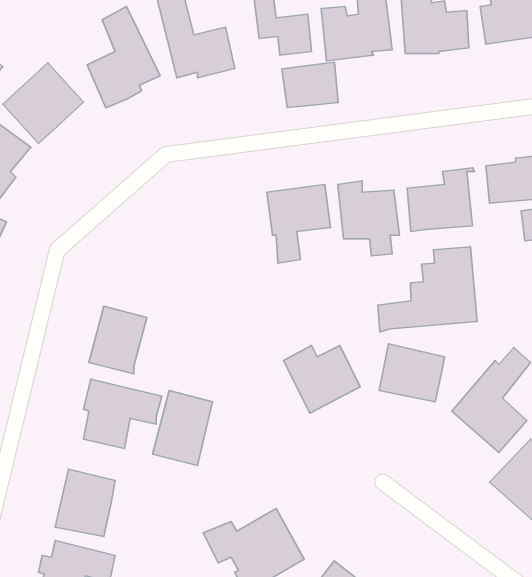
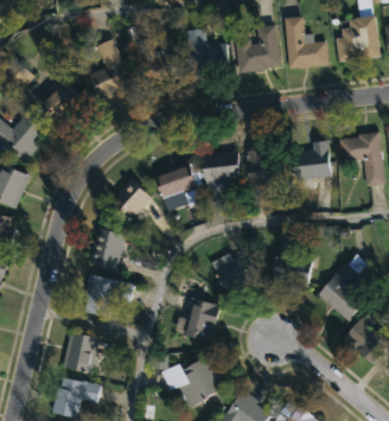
building: [282,62,338,108] -> none
building: none -> [154,162,197,206]
building: none -> [107,178,151,223]
building: [378,247,477,332] -> none
building: [152,391,212,465] -> [183,295,221,343]

